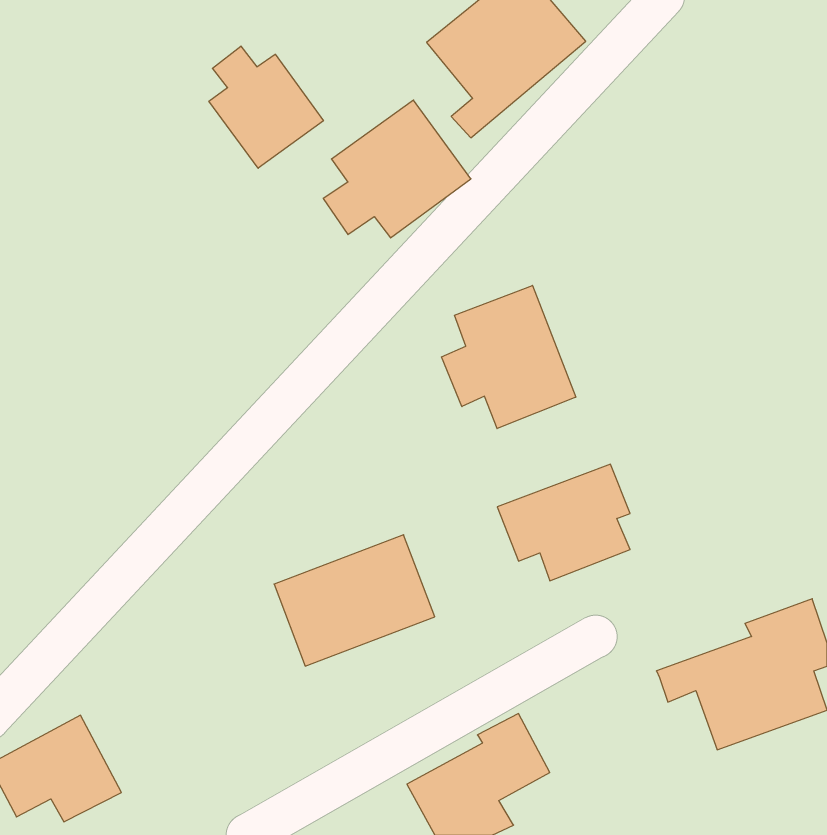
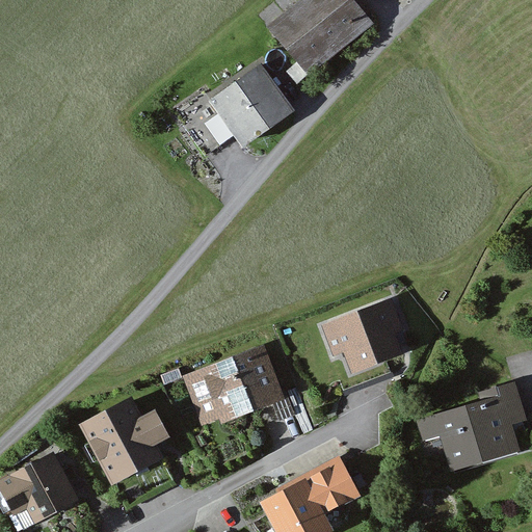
building: [209,46,323,168] -> none
building: [441,285,576,429] -> none
building: none -> [81,398,174,486]

